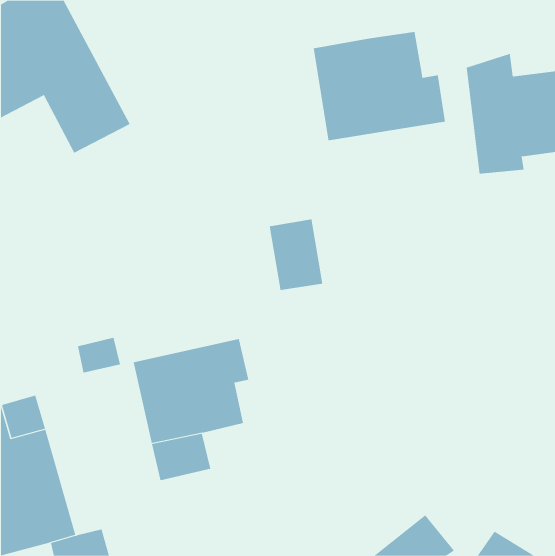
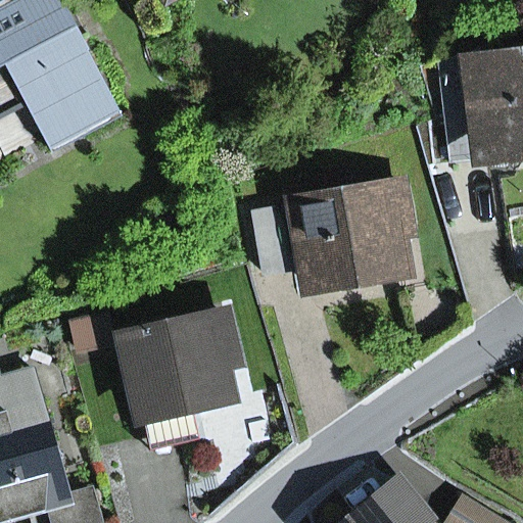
building: [313,31,445,141] -> none
building: none -> [296,177,411,287]

